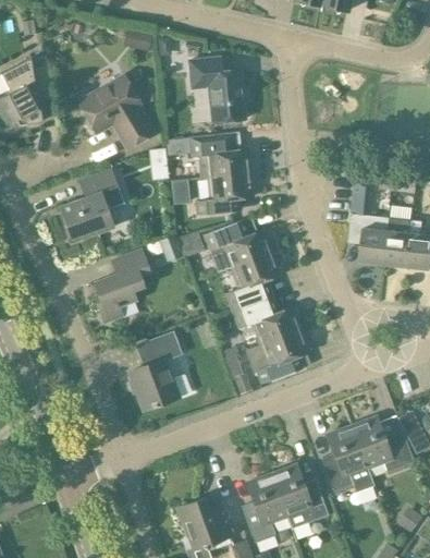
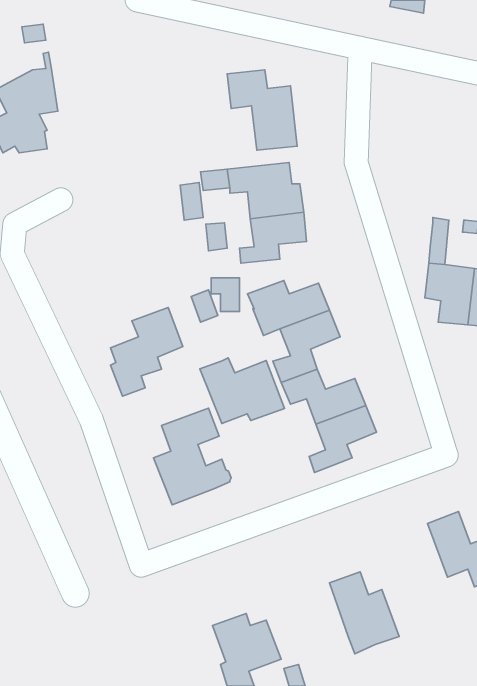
building: [77,74,155,148] -> none
building: [58,168,124,239] -> none
building: none -> [200,358,284,424]
building: [322,425,373,495] -> none
building: [241,473,286,542] -> none

